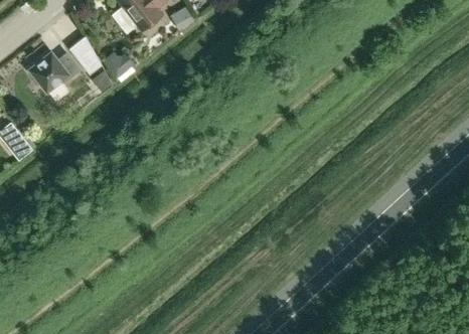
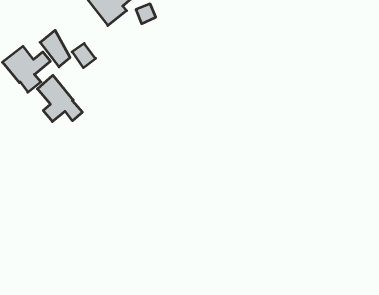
building: none -> [37,75,82,122]

